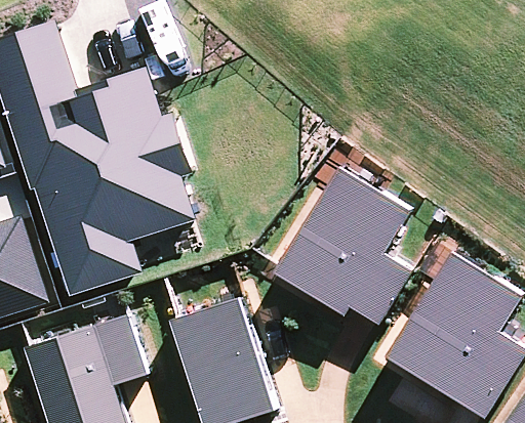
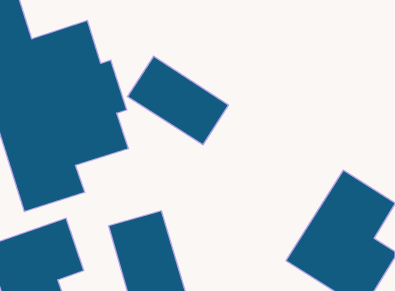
building: none -> [127,56,228,145]
building: [276,171,415,327] -> none

